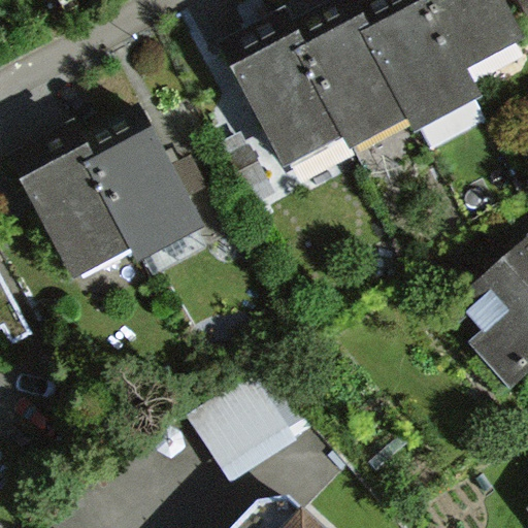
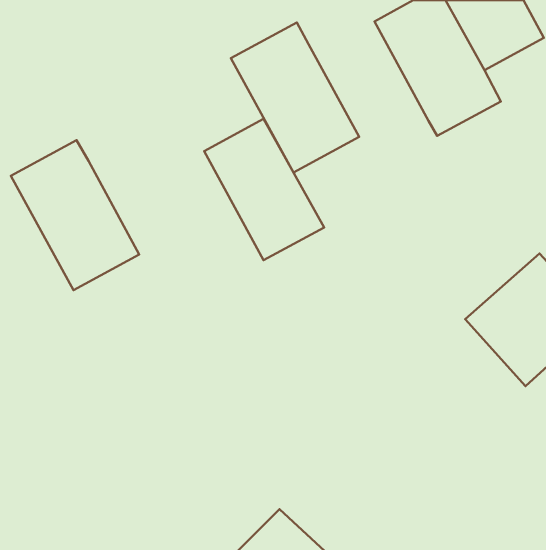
building: [300,12,415,147] -> none
building: [90,124,204,259] -> [204,119,324,260]
building: [197,374,308,482] -> none

